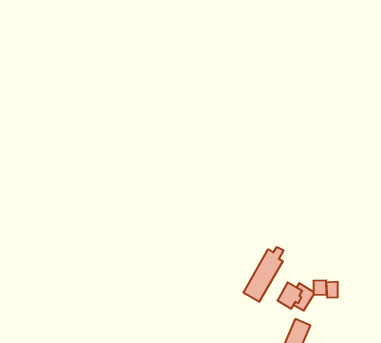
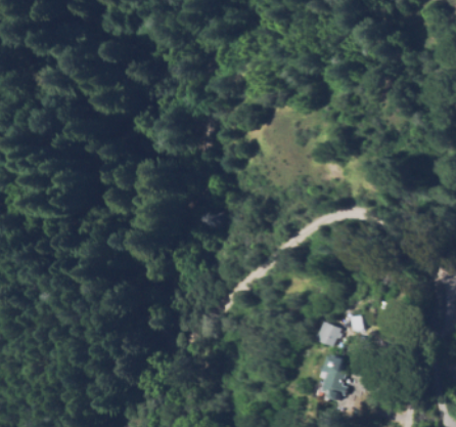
building: [243,247,284,302] -> none

